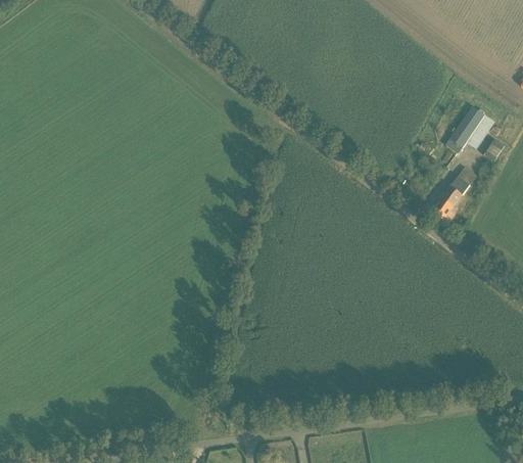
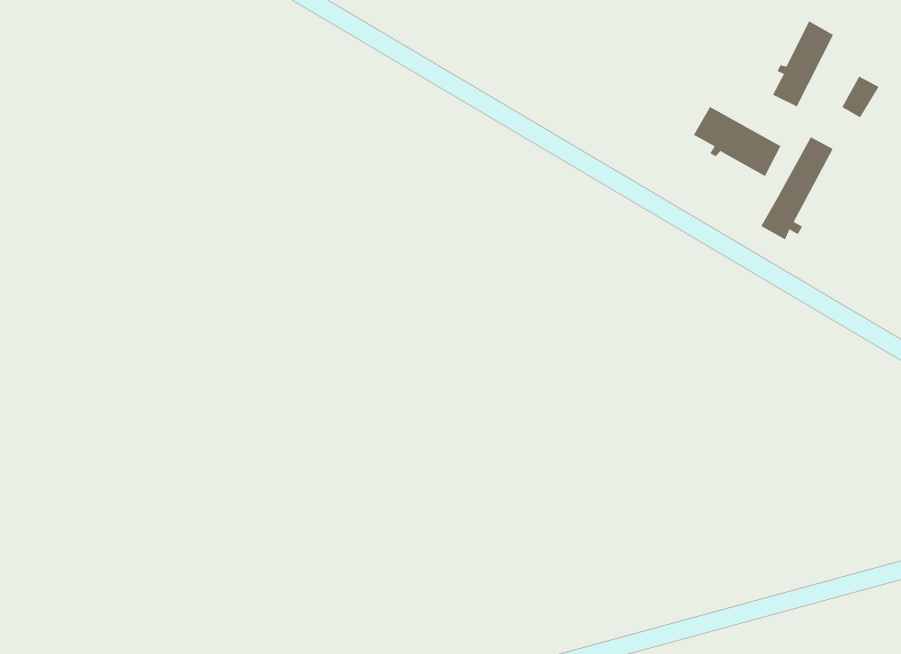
building: none -> [693,106,781,177]

